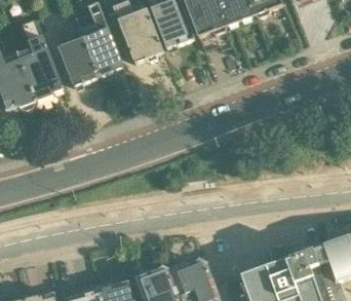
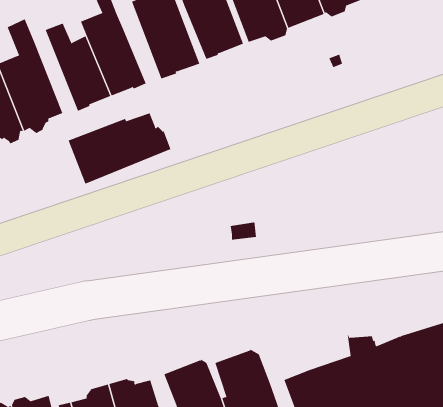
building: none -> [68,112,171,184]

